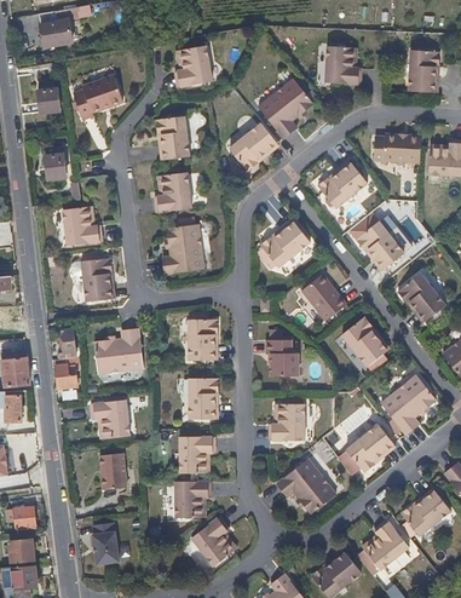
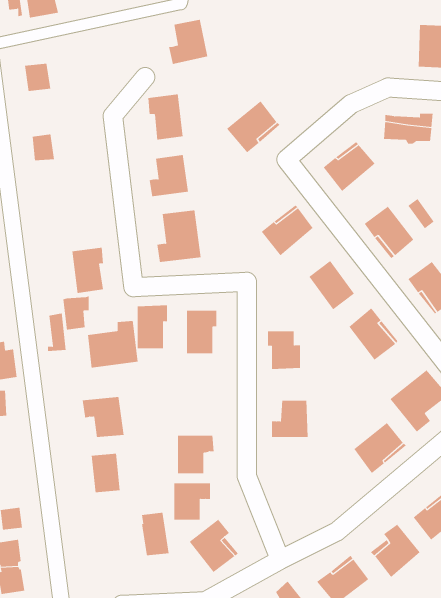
building: [323,45,358,82] -> none
building: [73,74,121,117] -> none
building: [255,77,310,138] -> none
building: [62,207,102,247] -> none
building: [54,356,80,389] -> [62,295,89,330]
building: [189,378,218,419] -> [137,305,168,349]
building: [275,460,335,514] -> none
building: [93,524,120,565] -> [141,512,170,556]

